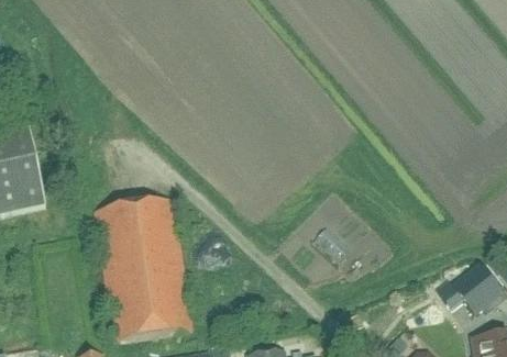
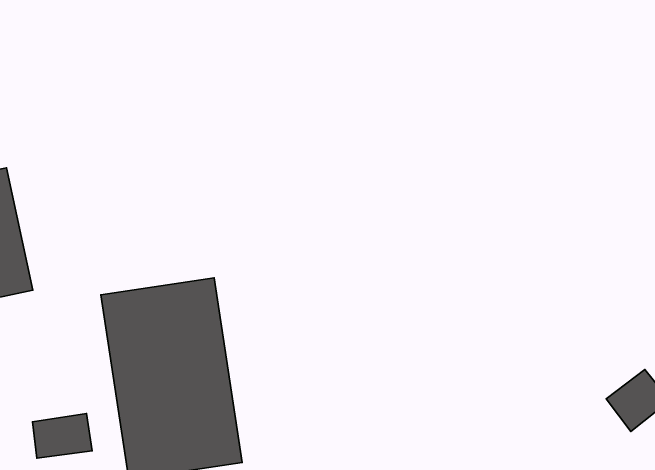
building: none -> [32,414,92,458]

